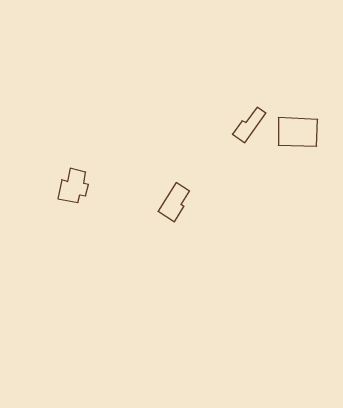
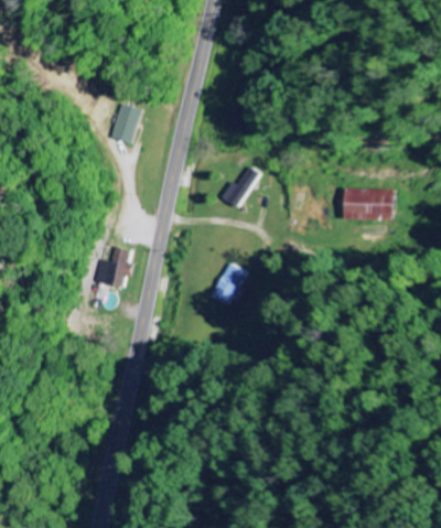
building: none -> [109,105,140,143]
building: [232,107,266,143] -> [223,166,261,207]

